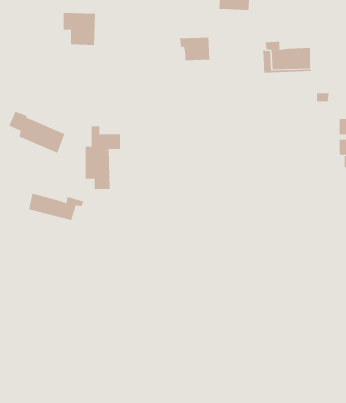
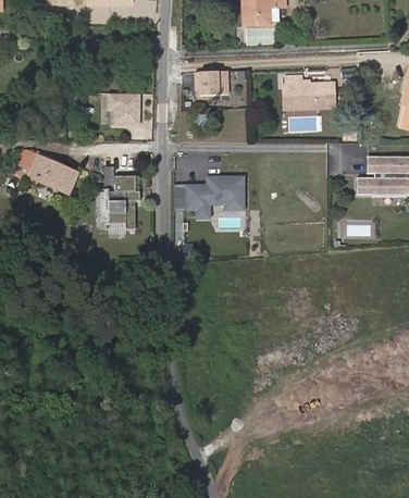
building: [63,13,96,46] -> [104,90,139,125]
building: none -> [175,173,243,215]
building: [28,193,84,221] -> none

